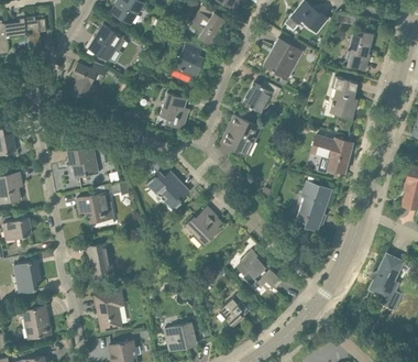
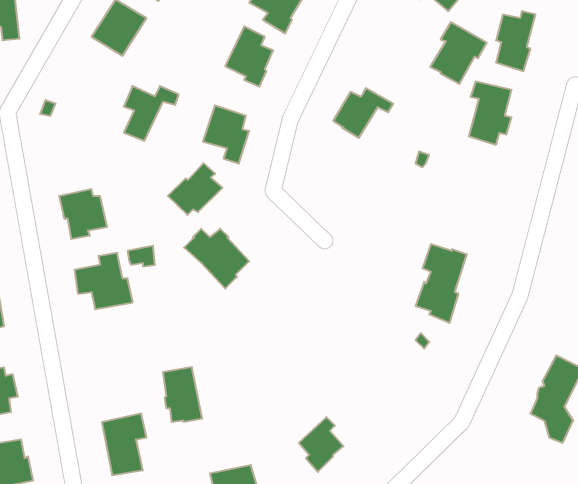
building: [265,39,301,78] -> [430,22,487,84]
building: [72,63,107,98] -> [124,86,179,141]
building: [221,116,261,156] -> none
building: none -> [168,163,222,215]
building: [310,135,352,173] -> none
building: [186,208,221,243] -> none
building: [88,243,113,278] -> [163,367,202,422]
building: [237,250,283,289] -> none

